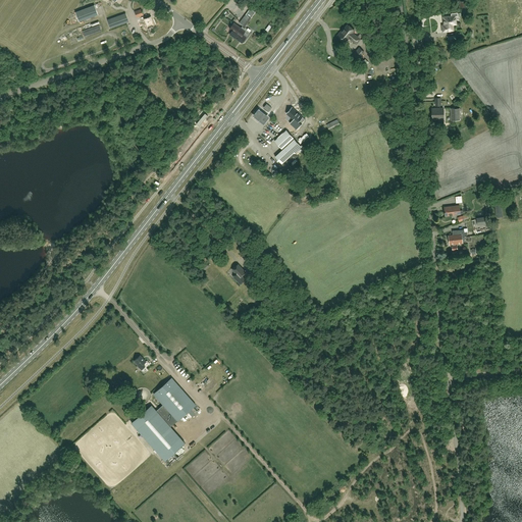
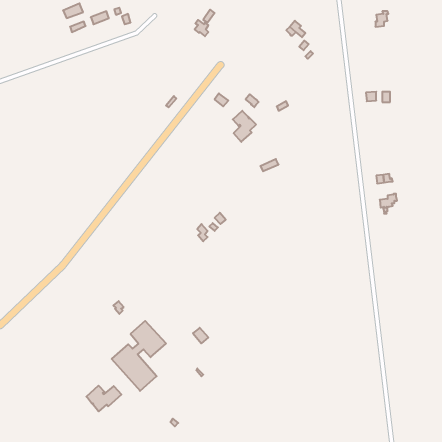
building: none -> [86,386,121,411]

